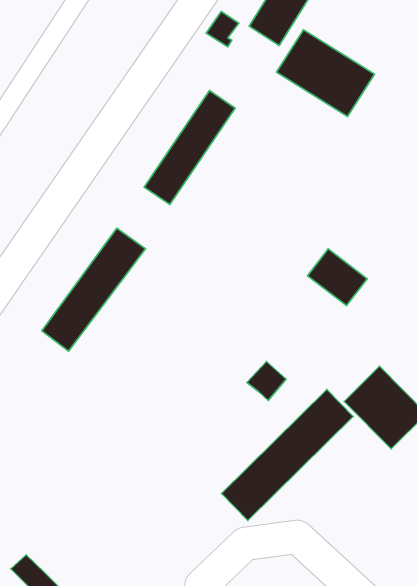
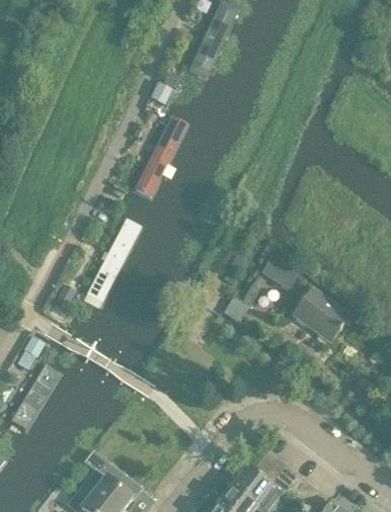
building: [277,30,375,116] -> none
building: [308,249,367,306] -> [259,254,300,290]
building: [222,390,353,520] -> none

